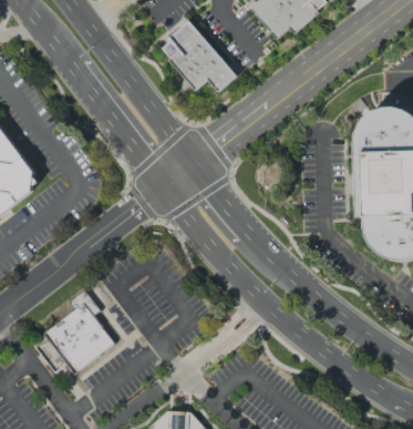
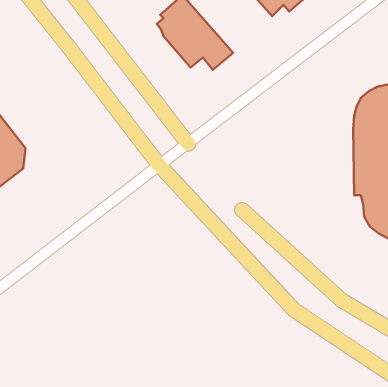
building: [41,290,113,375] -> none

